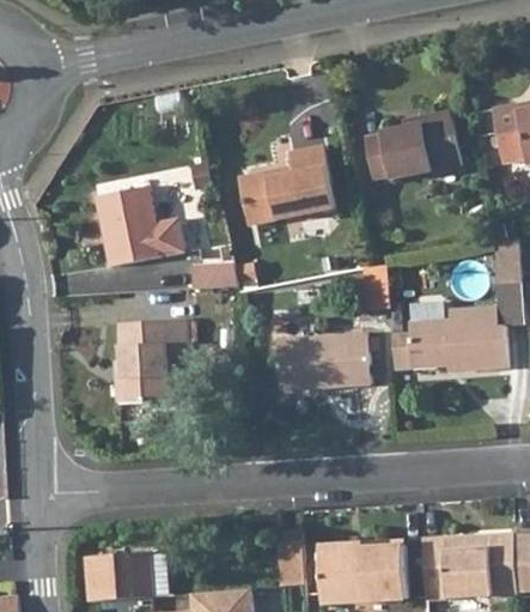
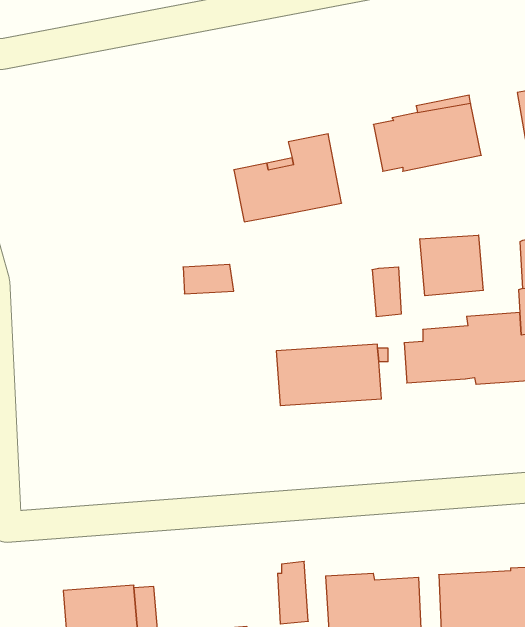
building: [95,186,183,266] -> none
building: none -> [420,235,483,296]
building: [116,319,188,402] -> none

